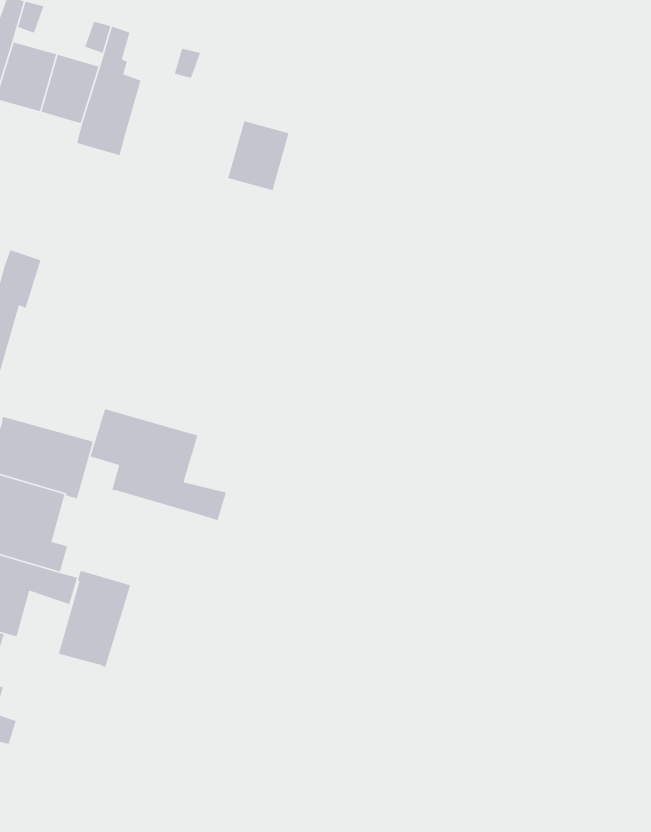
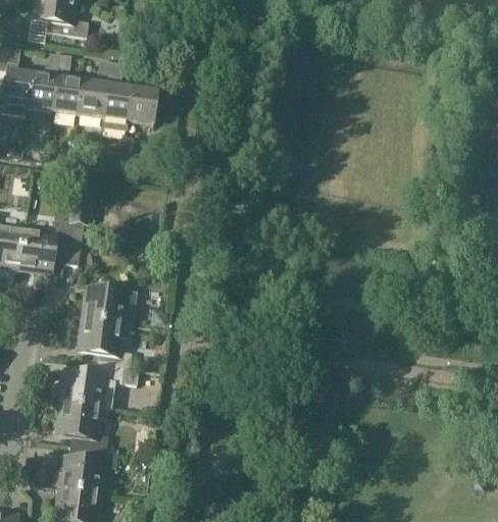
building: [227,120,290,191] -> [127,89,157,125]
building: [89,408,227,521] -> none
building: [58,570,131,668] -> none

